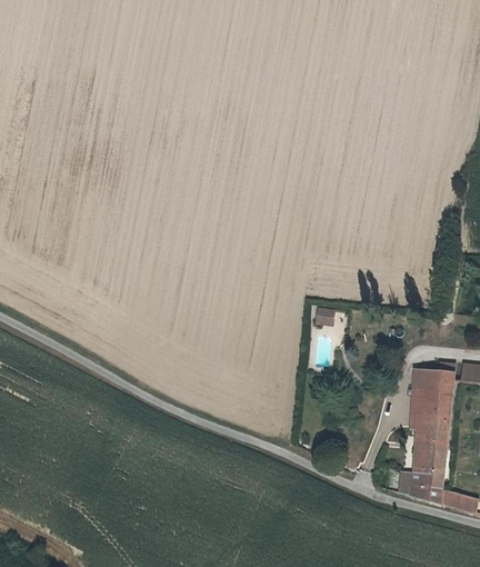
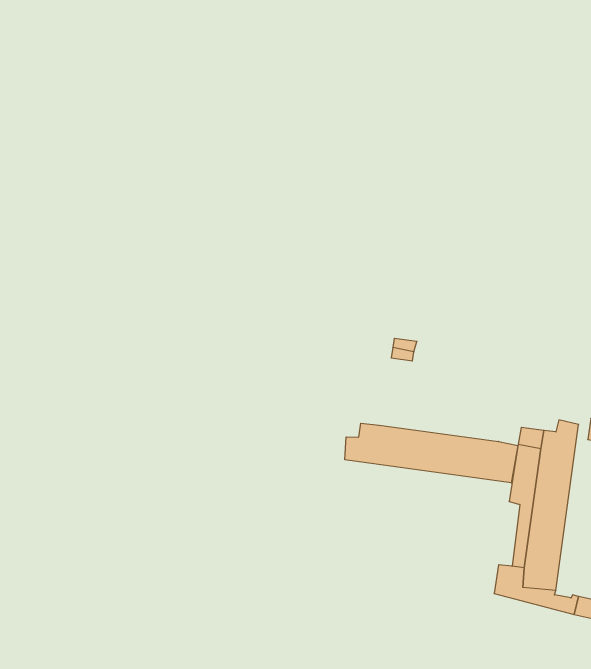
building: none -> [345,423,518,483]

